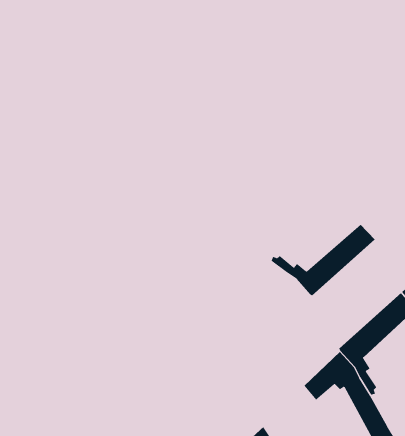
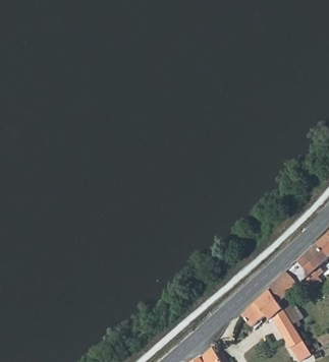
building: [271,224,376,296] -> none

